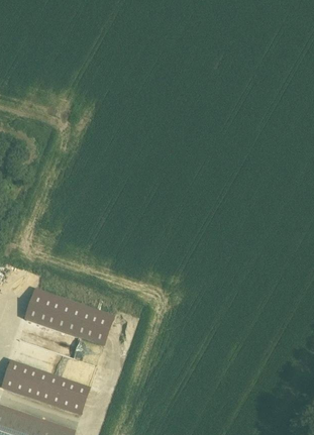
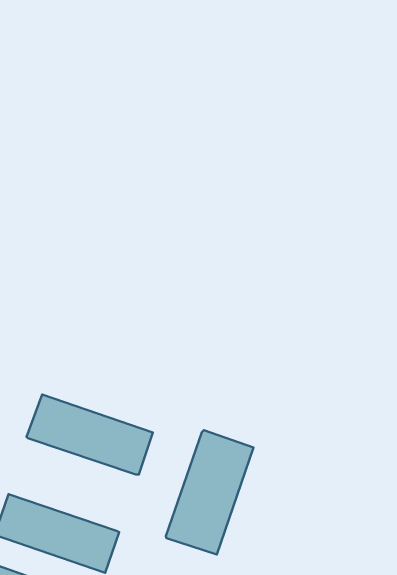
building: none -> [166,430,253,554]

